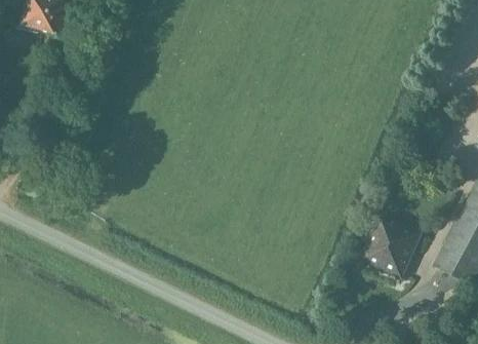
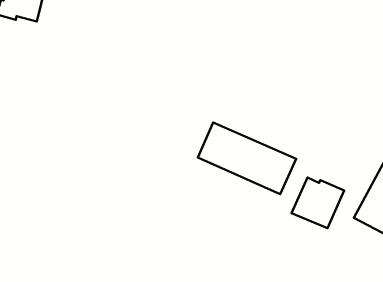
building: none -> [198,123,296,194]

